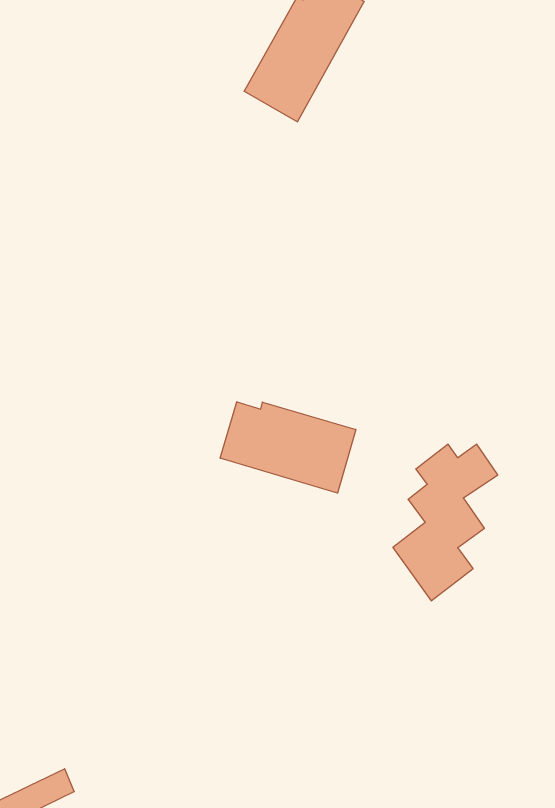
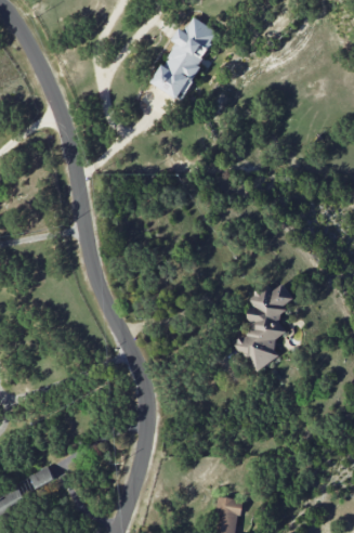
building: [220,402,356,493] -> none

